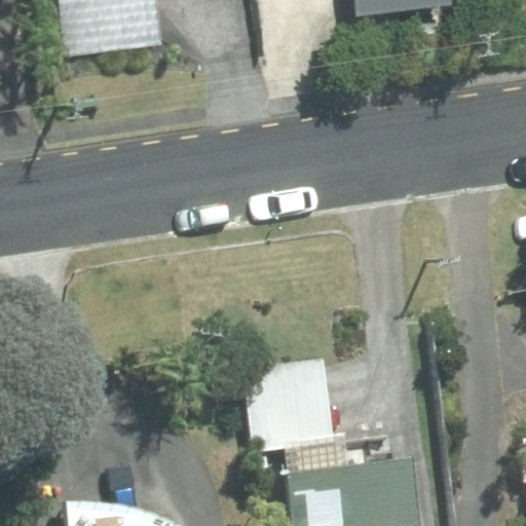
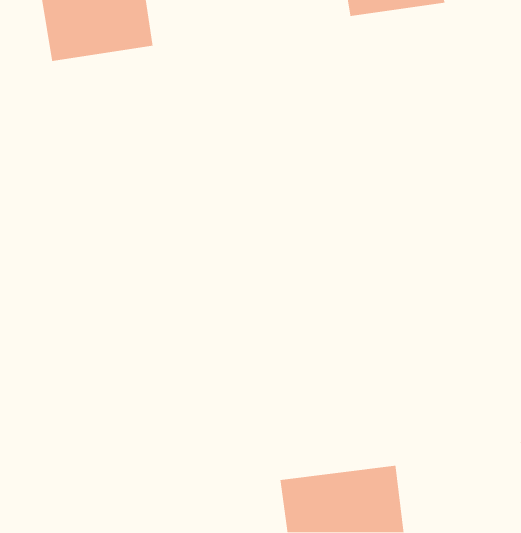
building: [249,358,334,444] -> none

